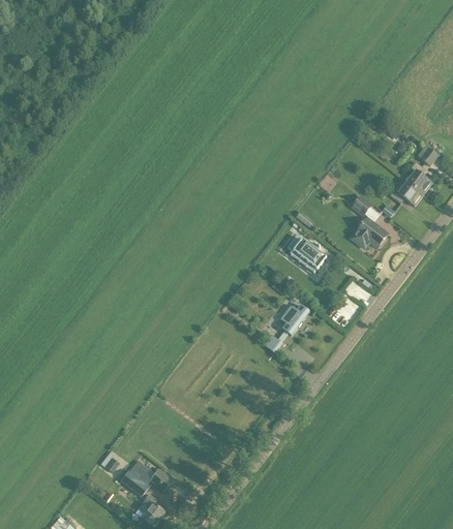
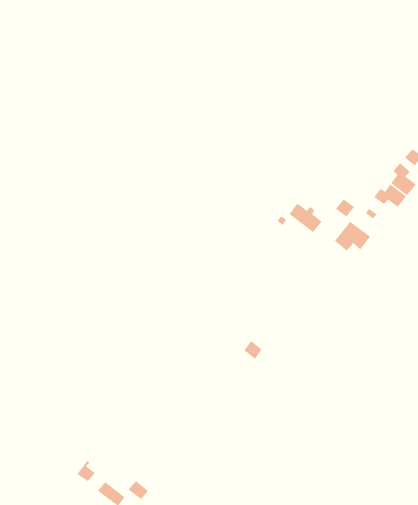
building: [293,238,326,268] -> [289,202,323,233]
building: [278,304,308,334] -> none

